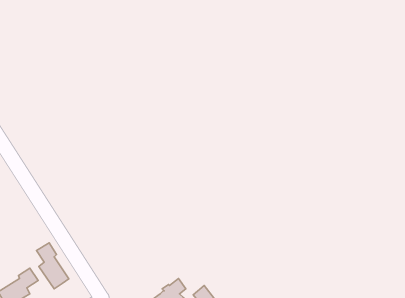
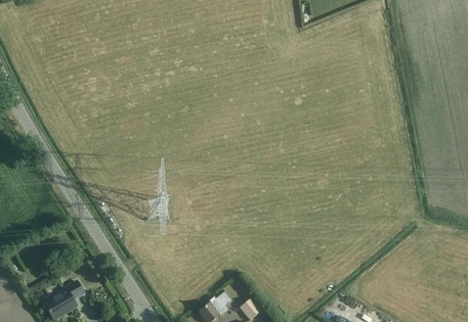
building: [37,243,69,289] -> none

